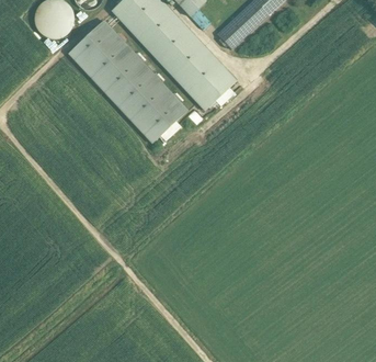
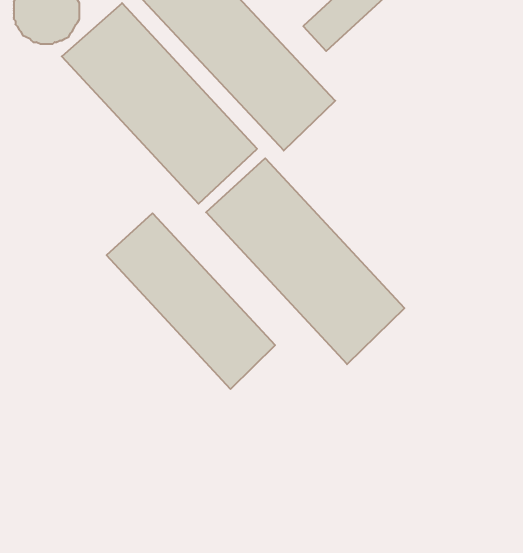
building: none -> [206,158,404,364]
building: none -> [107,213,275,389]

